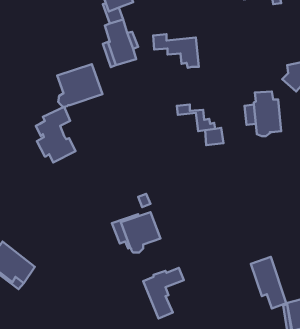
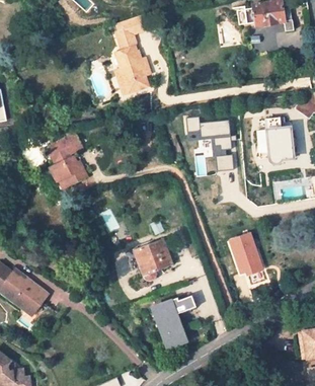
building: [153,34,199,68] -> [187,118,233,151]
building: [57,64,103,107] -> none
building: [251,257,286,308] -> [231,234,266,286]

